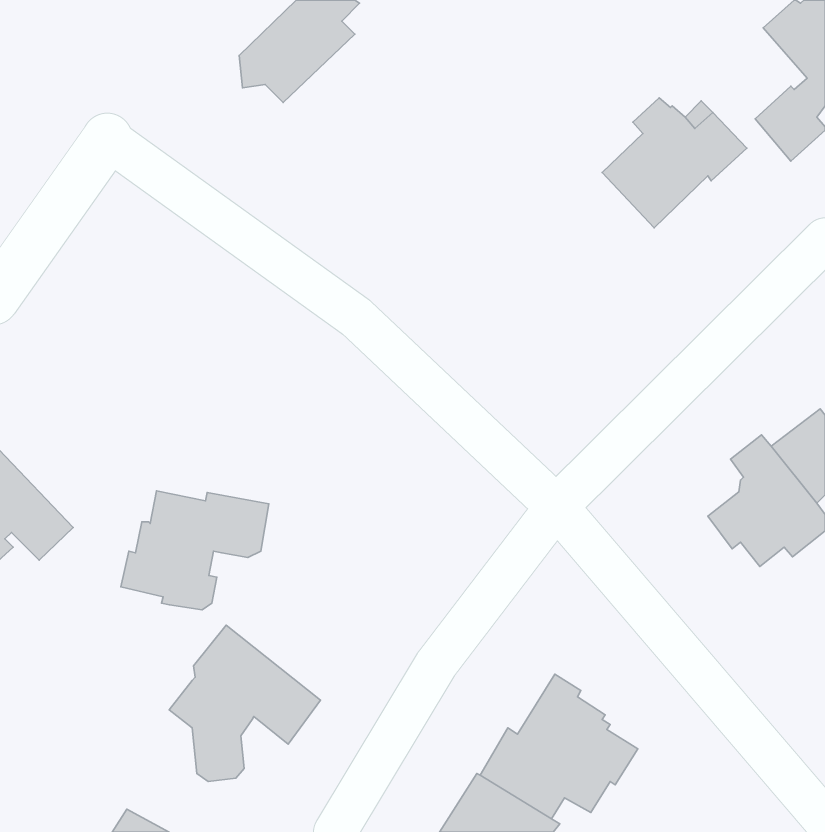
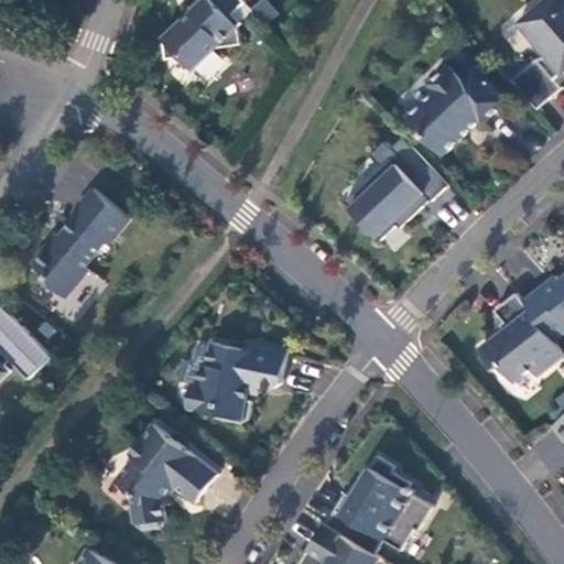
building: none -> [343,135,448,239]
building: none -> [31,188,129,297]
building: [121,491,269,610] -> [186,343,286,423]

